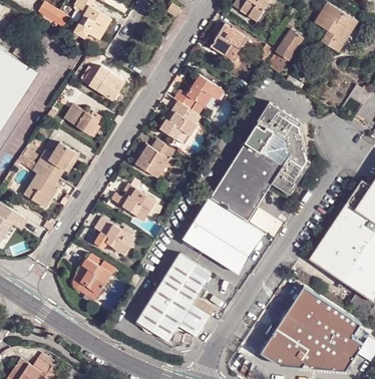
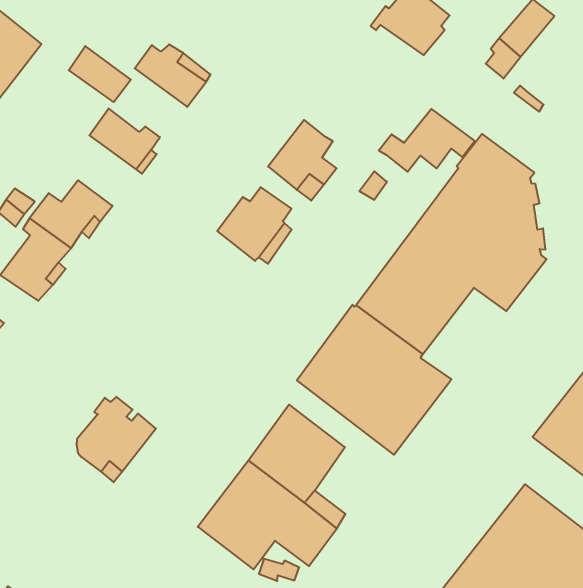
building: none -> [69,46,131,102]
building: [171,75,222,109] -> [379,109,475,172]
building: [109,185,155,221] -> none
building: [91,217,133,254] -> none

